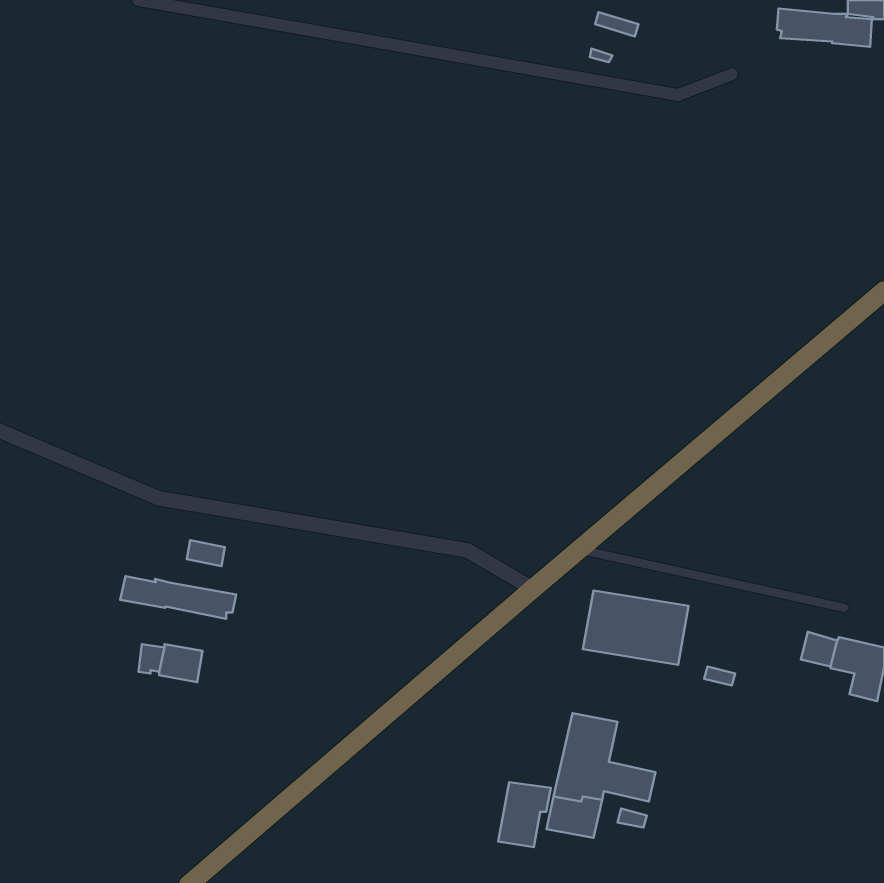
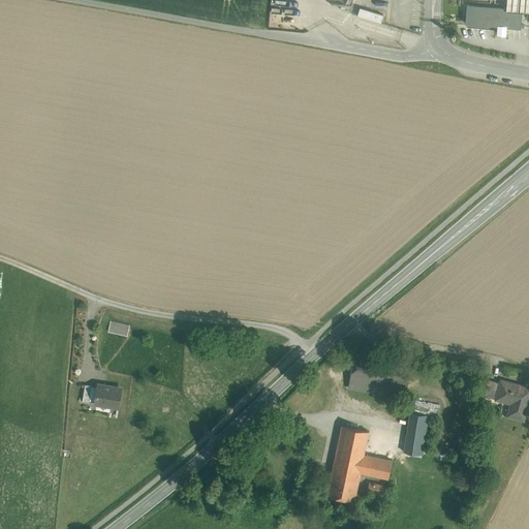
building: [120,576,236,619] -> none
building: none -> [404,413,429,456]
building: [498,782,551,847] -> none

